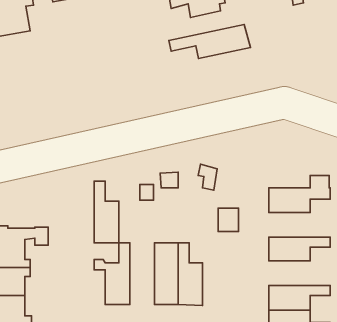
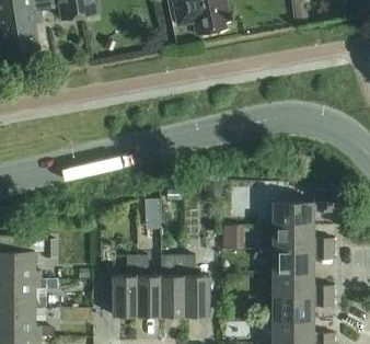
building: [169,25,251,59] -> none
building: [94,181,119,243] -> [137,255,161,316]
building: none -> [273,226,333,250]
building: none -> [273,273,333,297]

